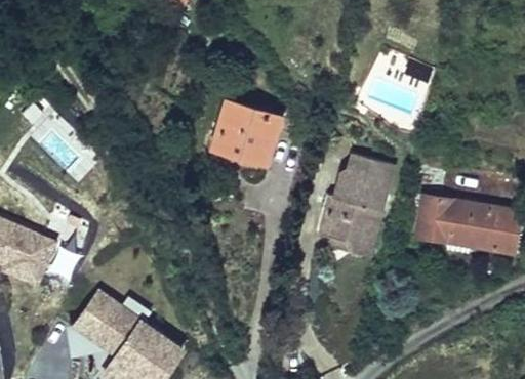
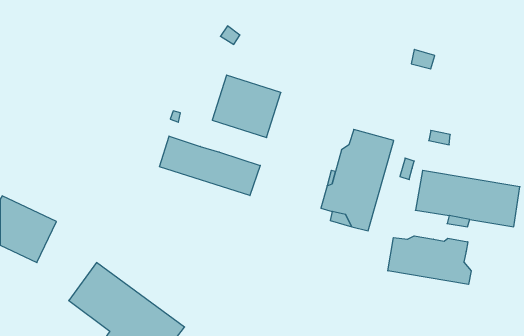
building: none -> [160,136,260,196]
building: none -> [388,236,471,284]

